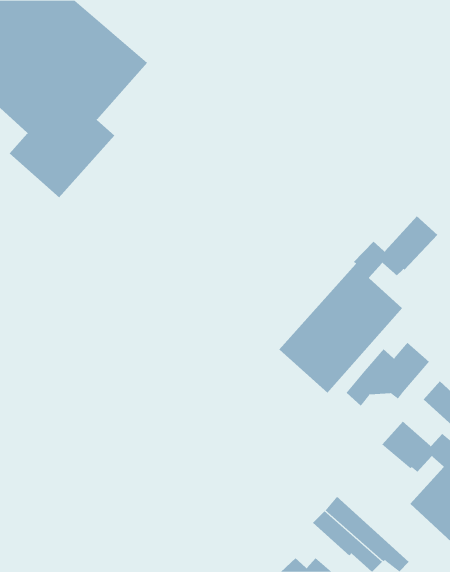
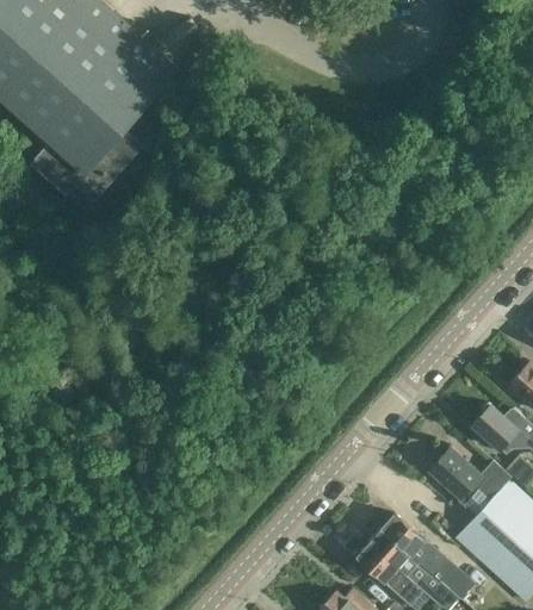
building: [279,216,438,394] -> none
building: [346,342,430,407] -> none
building: none -> [379,513,471,598]

